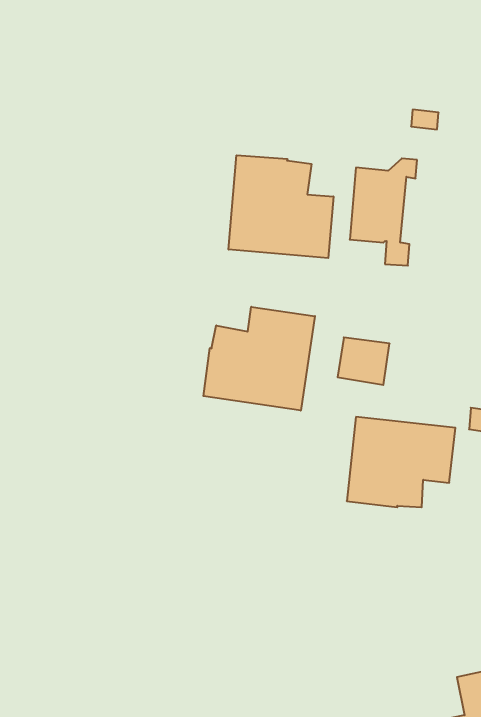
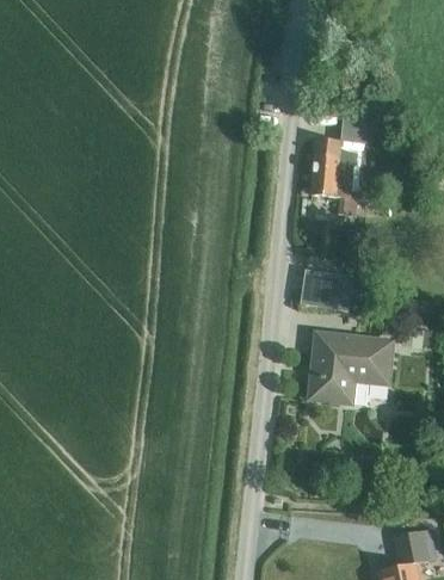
building: [229,155,333,258] -> none
building: [203,307,315,411] -> none

